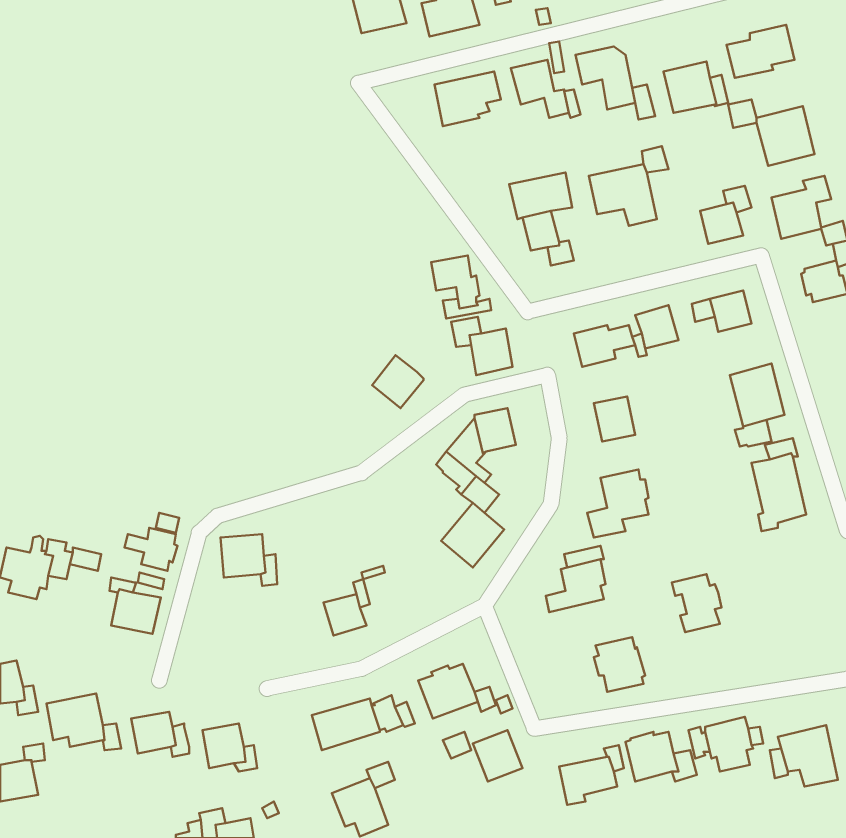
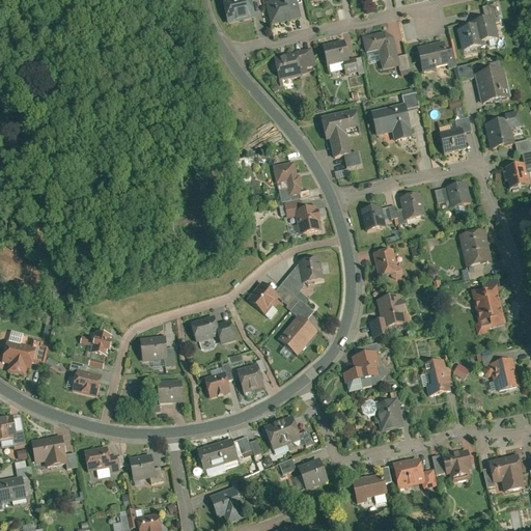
building: [372,355,424,408] -> [246,280,278,313]
building: none -> [190,313,236,343]
building: none -> [483,358,520,392]
building: none -> [234,362,263,392]
building: none -> [156,379,183,403]

